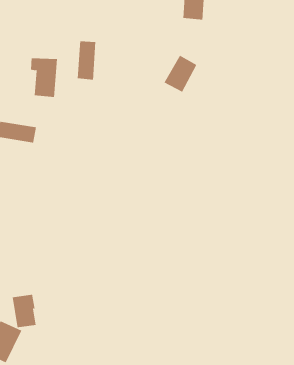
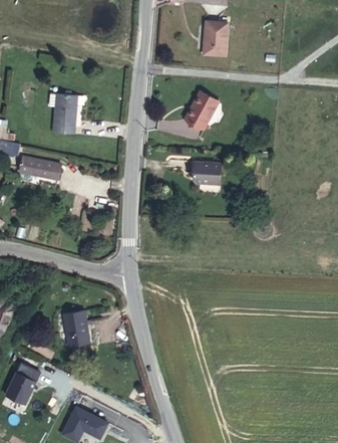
building: [77,41,96,80] -> none
building: none -> [193,162,221,184]
building: [12,294,37,328] -> [63,310,88,345]

